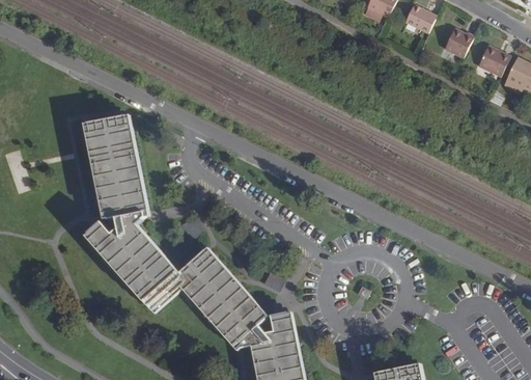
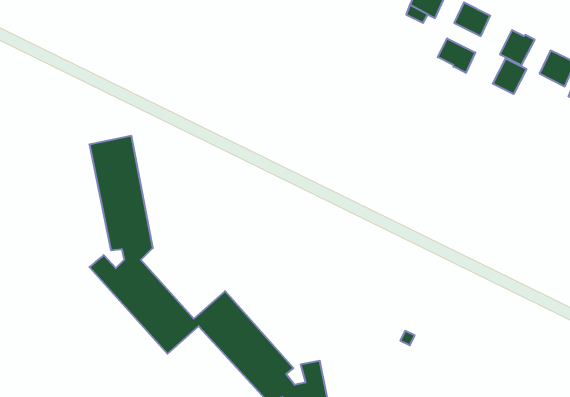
building: none -> [438,38,475,73]
building: none -> [493,59,526,94]

